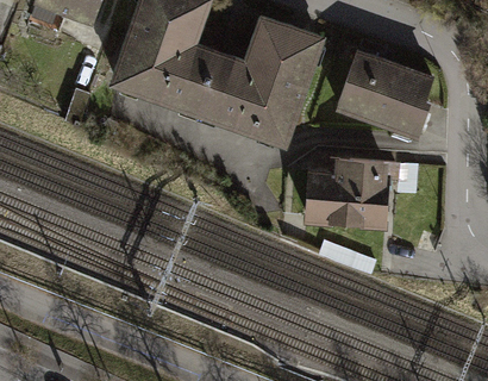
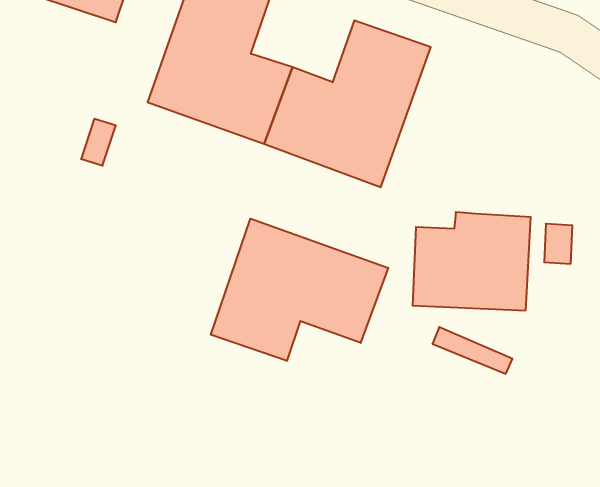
building: [334,50,431,138] -> none
building: none -> [211,219,388,361]

